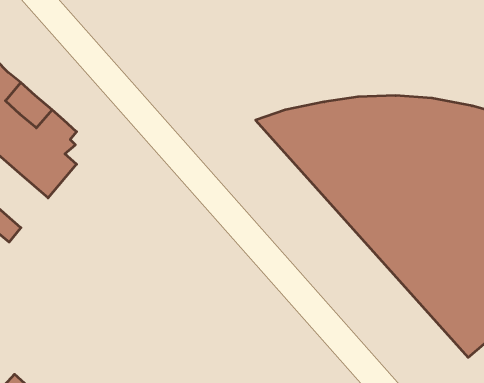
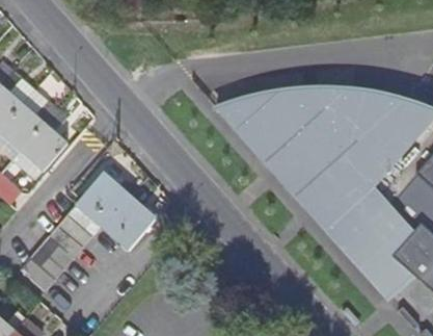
building: none -> [24,172,158,288]

